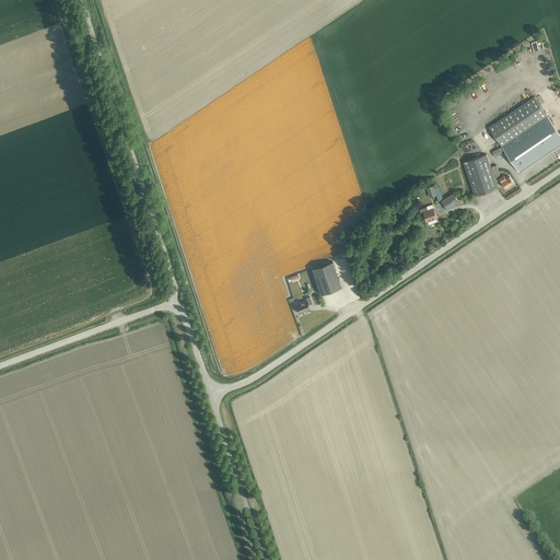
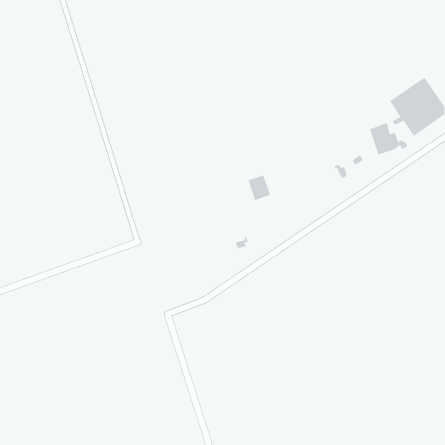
building: [311,262,340,295] -> [247,175,271,201]

